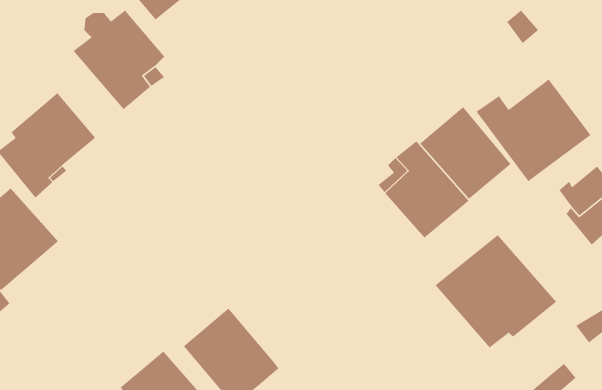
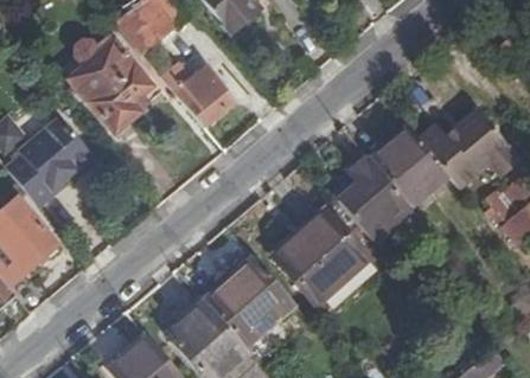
building: none -> [160,63,231,128]
building: [434,234,557,349] -> [272,213,377,312]
building: none -> [202,257,294,347]

